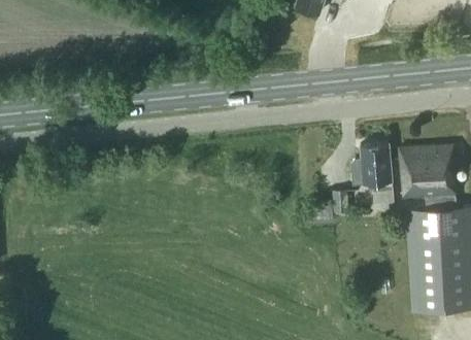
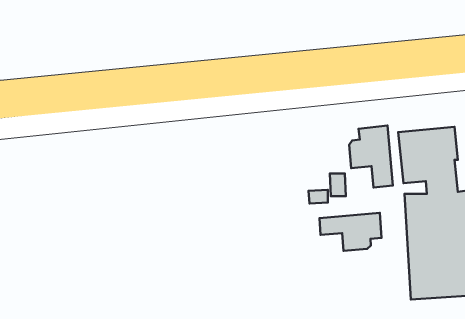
building: none -> [319,213,381,251]

